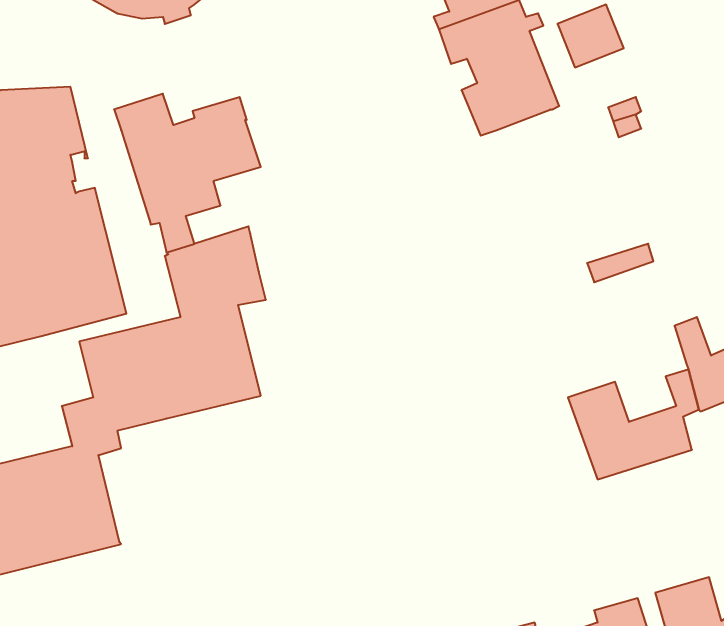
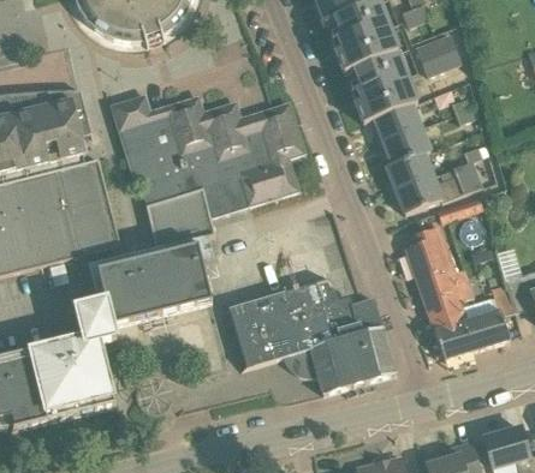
building: none -> [160,100,303,215]
building: none -> [373,103,488,212]
building: none -> [403,222,456,301]
building: none -> [221,277,394,394]

